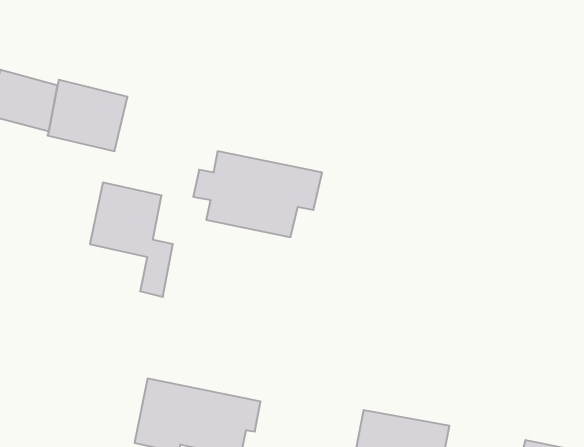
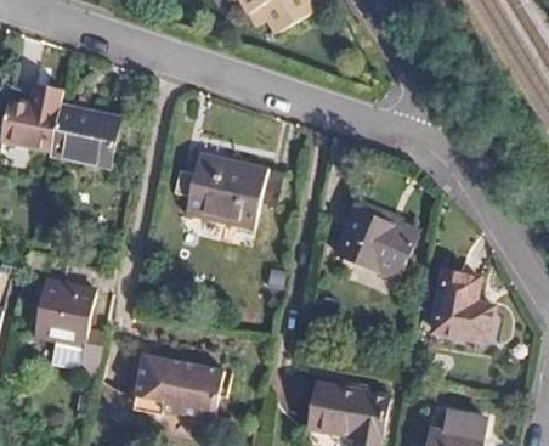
building: [90,183,173,297] -> [34,275,104,372]
building: none -> [344,214,426,281]
building: none -> [436,266,499,335]

